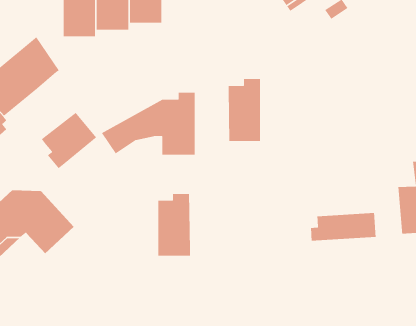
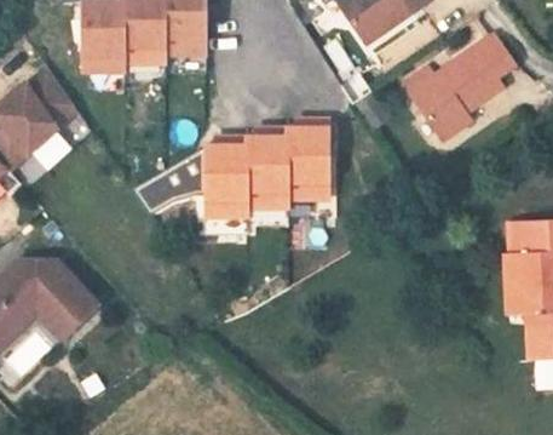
building: none -> [413,32,514,138]
building: [41,112,97,169] -> none
building: [158,193,191,257] -> [248,131,289,210]
building: [310,212,377,242] -> none

